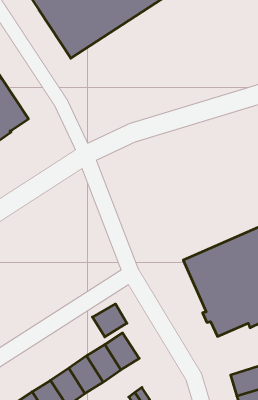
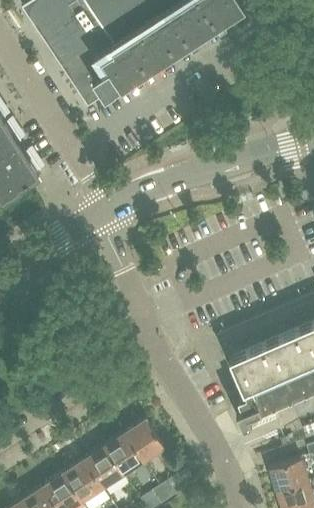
building: [92,304,127,337] -> none

